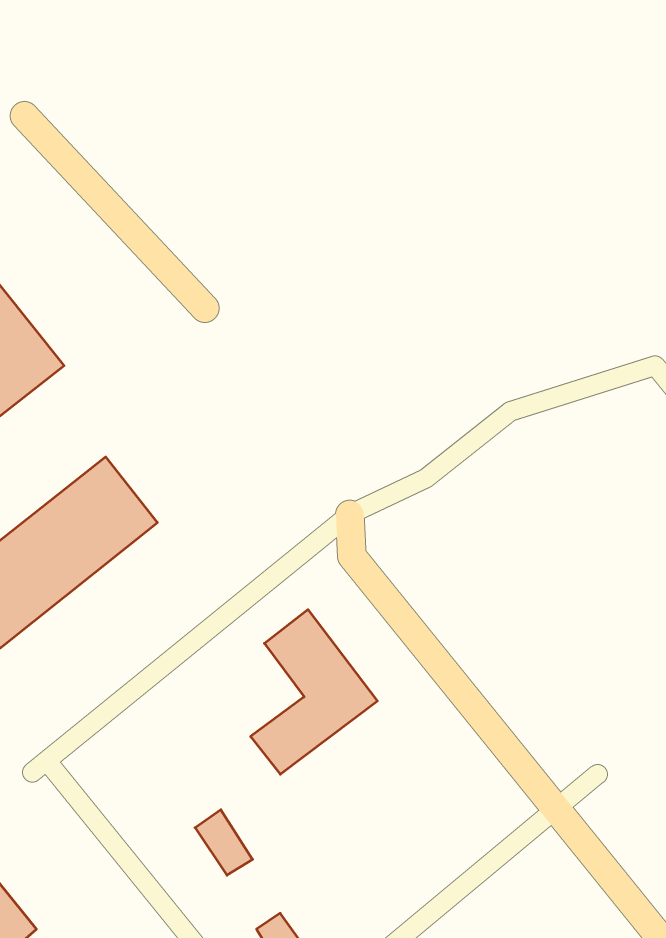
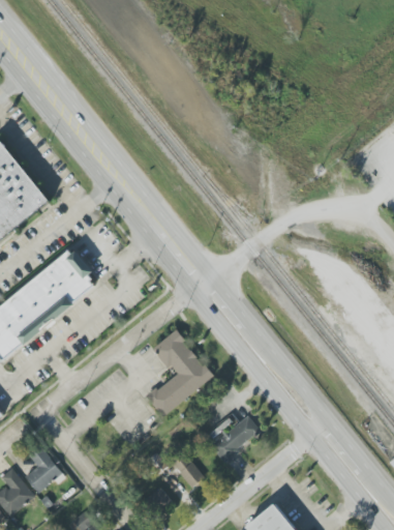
building: none -> [205,414,261,461]
building: [195,810,253,875] -> [174,453,204,488]
building: none -> [25,446,62,492]

